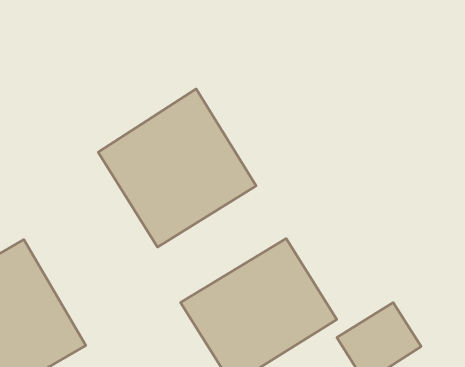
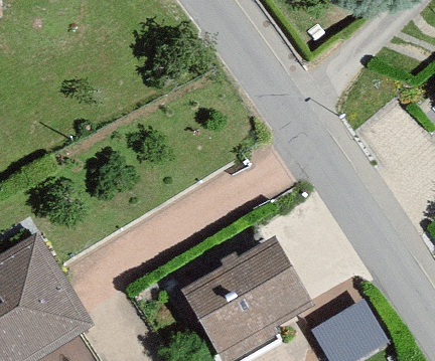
building: [98,89,256,247] -> none

